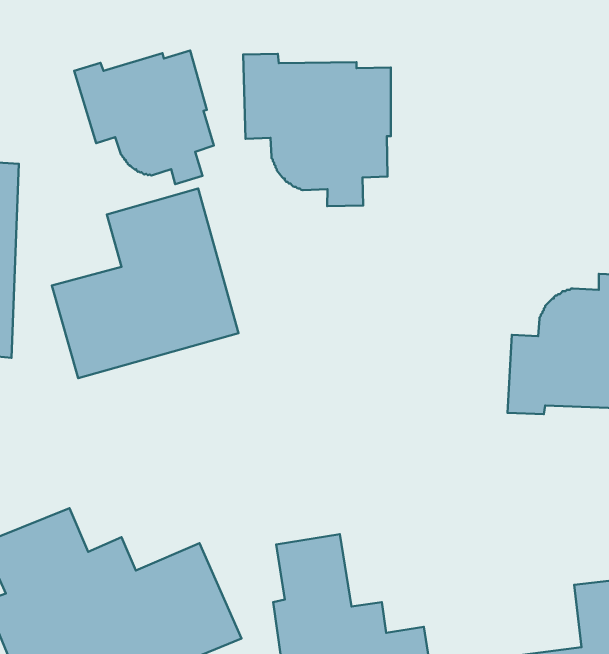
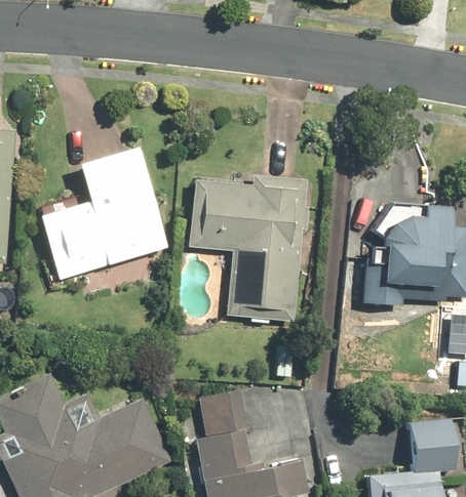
building: [74,51,214,184] -> none
building: [243,54,391,206] -> none
building: none -> [187,180,309,324]

